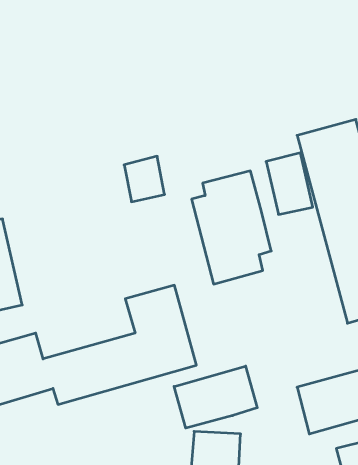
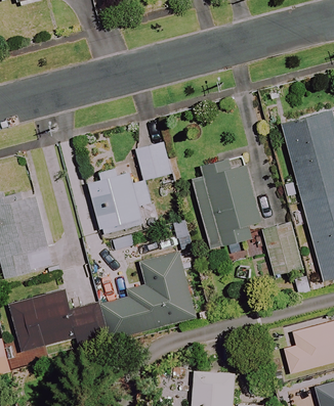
building: [266,153,313,214] -> [261,223,300,274]
building: none -> [87,171,150,229]
building: [174,366,257,428] -> none

